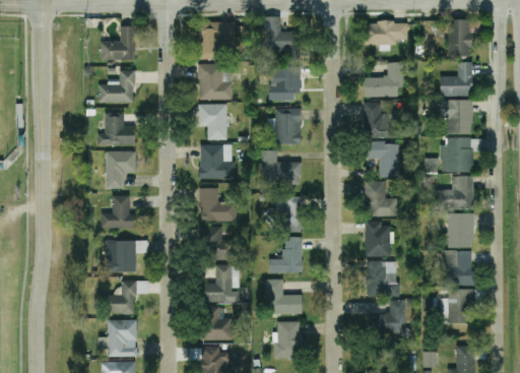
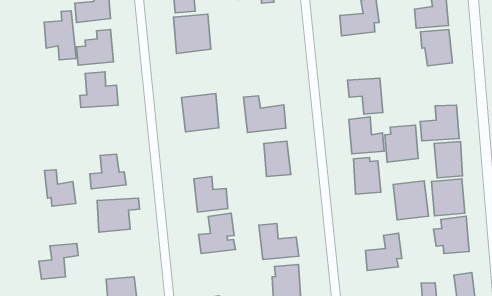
building: none -> [44,11,76,60]
building: [269,66,300,101] -> none
building: [363,101,398,137] -> none
building: [198,104,228,139] -> none
building: [275,107,301,144] -> none
building: [441,137,472,172] -> [385,125,418,162]
building: [106,150,136,188] -> none
building: [200,188,237,221] -> none
building: none -> [44,170,76,206]
building: [268,236,302,272] -> none
building: [366,260,398,297] -> [393,181,428,220]
building: [109,281,148,313] -> [39,243,78,279]
building: [201,306,233,339] -> none

